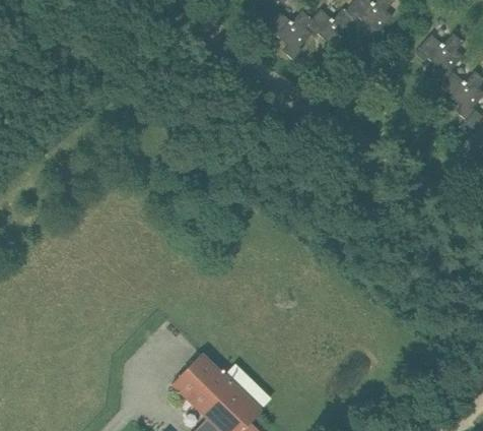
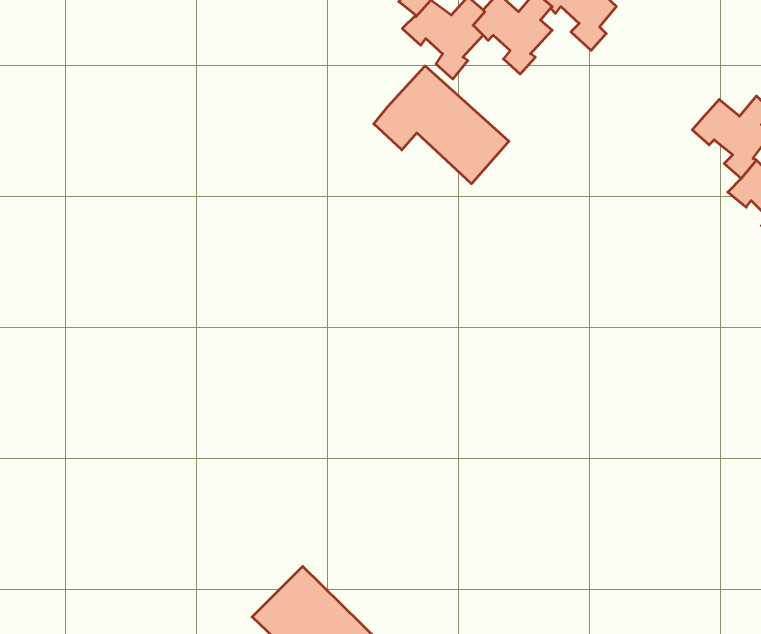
building: [415,33,464,81] -> none
building: none -> [374,66,509,184]

